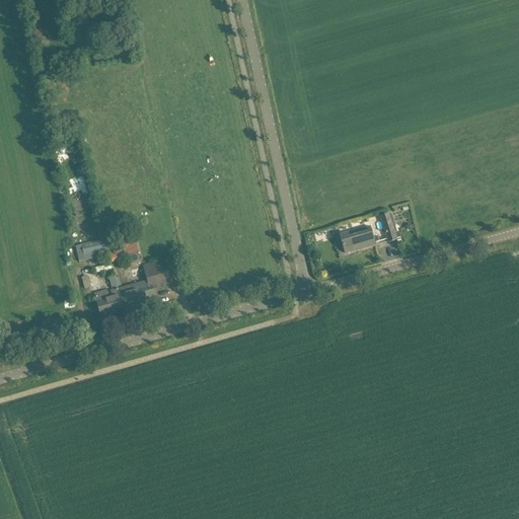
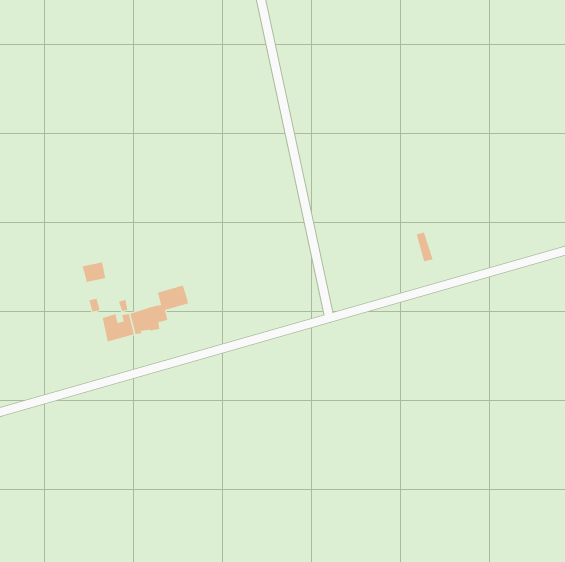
building: [341,225,376,251] -> none

